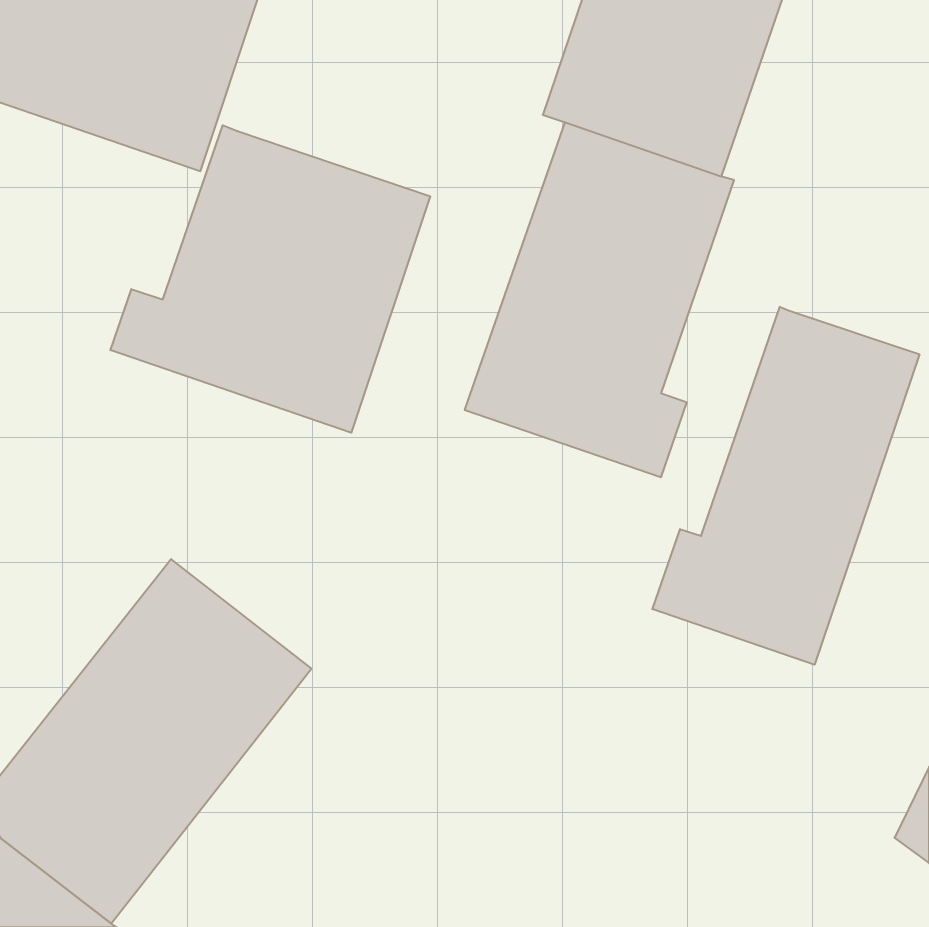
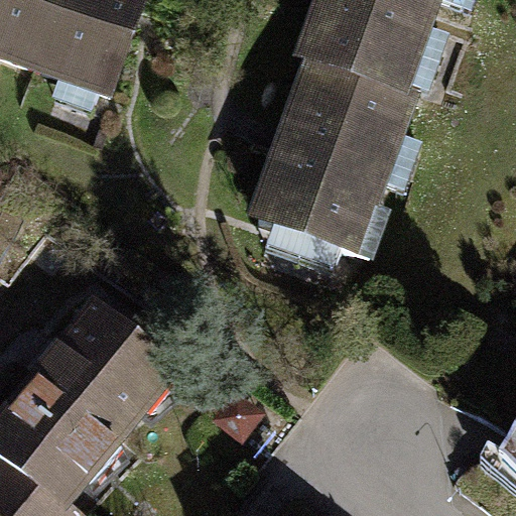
building: [110,125,430,433] -> none
building: [652,307,919,665] -> none

